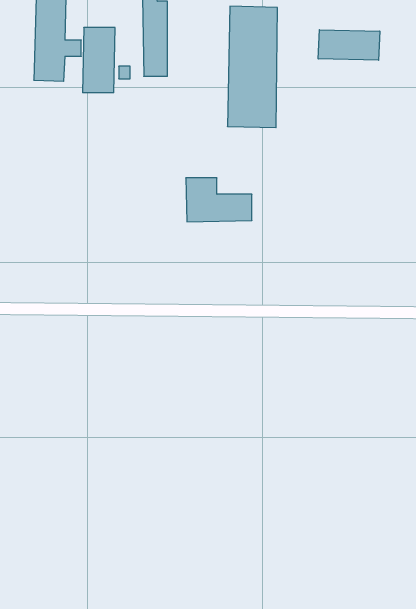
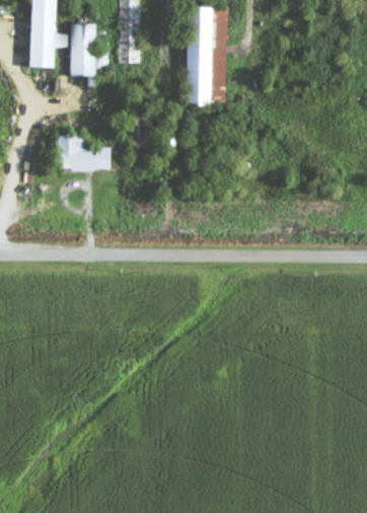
building: [318,30,380,60] -> none
building: [186,178,252,222] -> [57,135,111,170]

